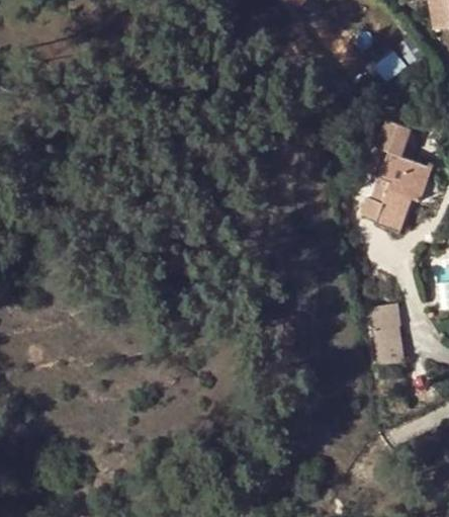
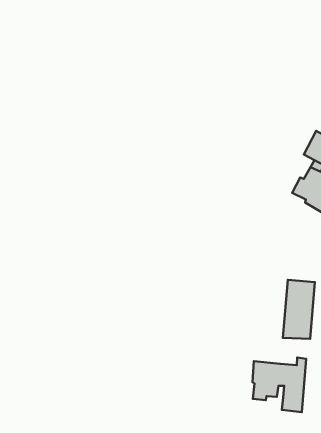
building: none -> [253,358,306,412]

